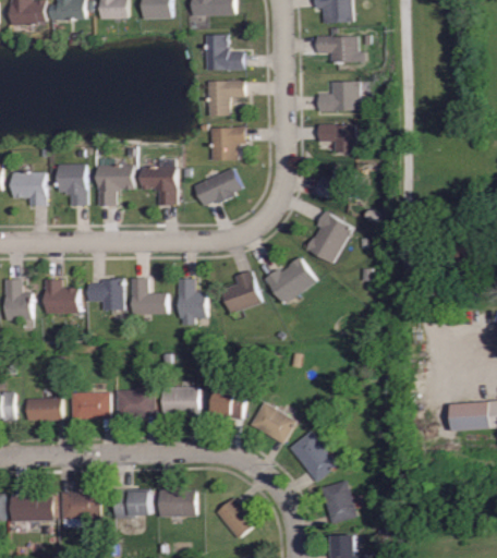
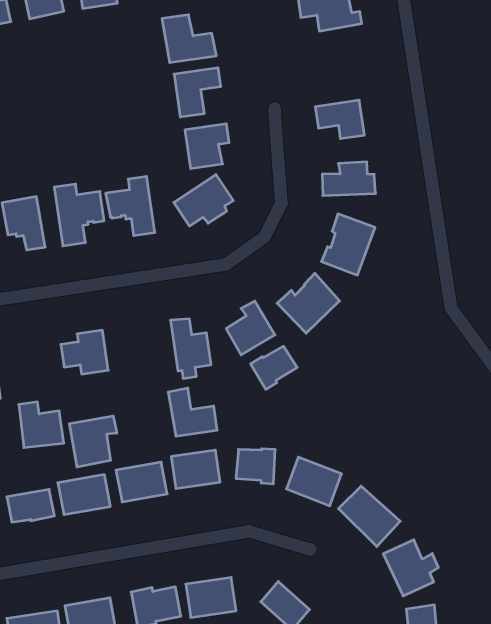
building: [317,81,364,111] -> none
building: [131,277,166,314] -> [168,388,217,436]
building: [44,278,76,314] -> [19,402,64,448]
building: none -> [251,346,297,389]
building: none -> [69,416,117,467]

